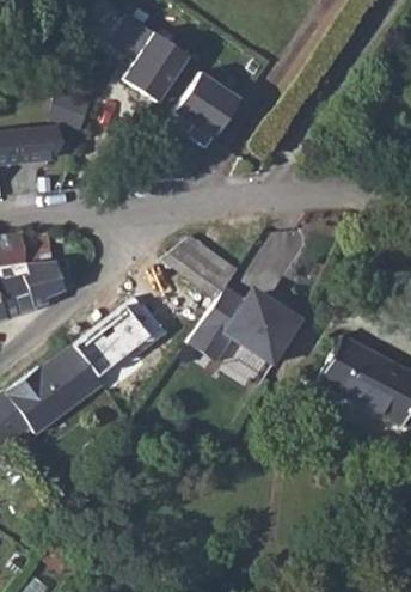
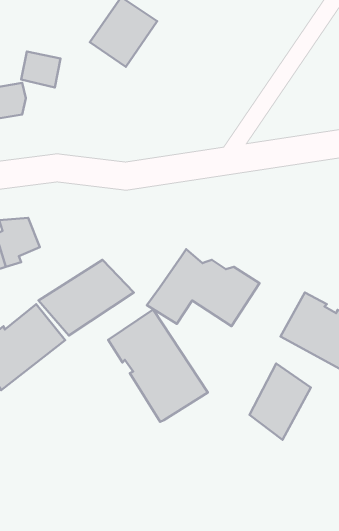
building: [174,71,243,149] -> none
building: [161,237,235,298] -> none
building: none -> [108,310,208,422]
building: none -> [250,364,311,440]

